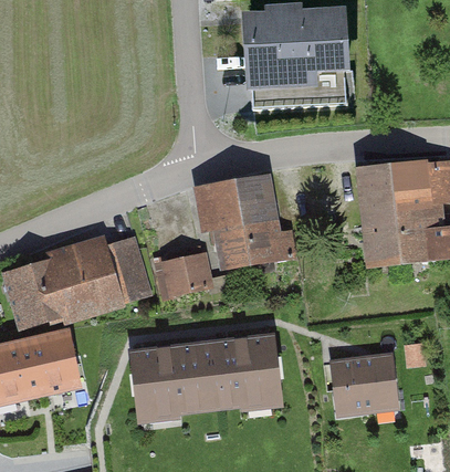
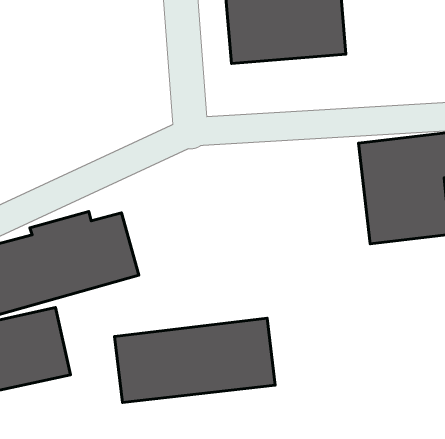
building: [195,174,299,272] -> none
building: [155,251,213,300] -> none
building: [327,353,399,418] -> none

